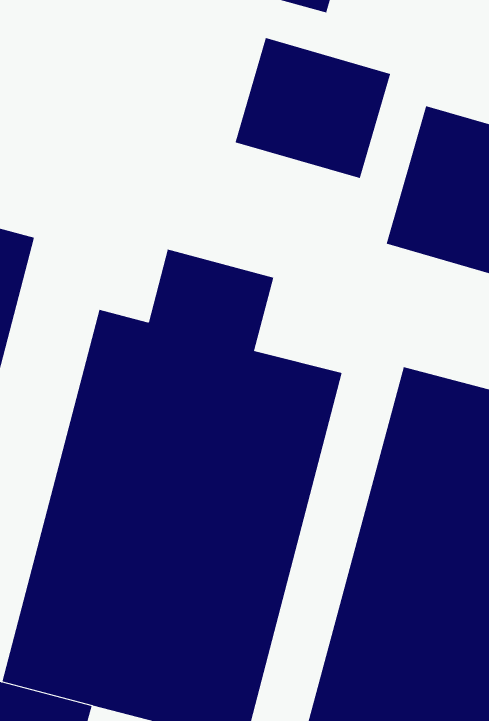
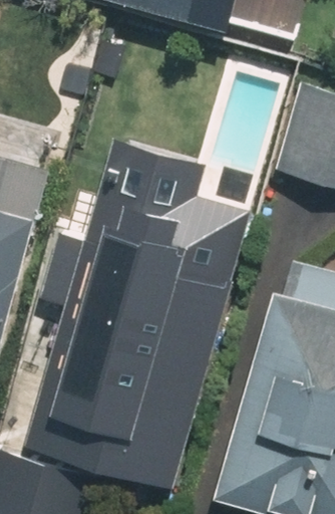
building: [235,37,391,179] -> none

